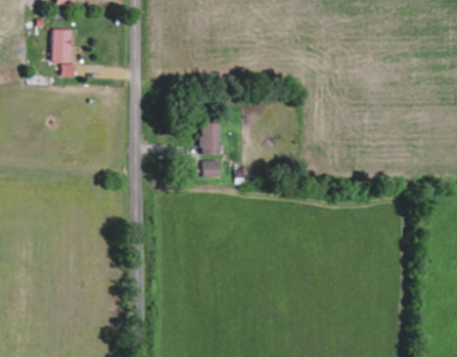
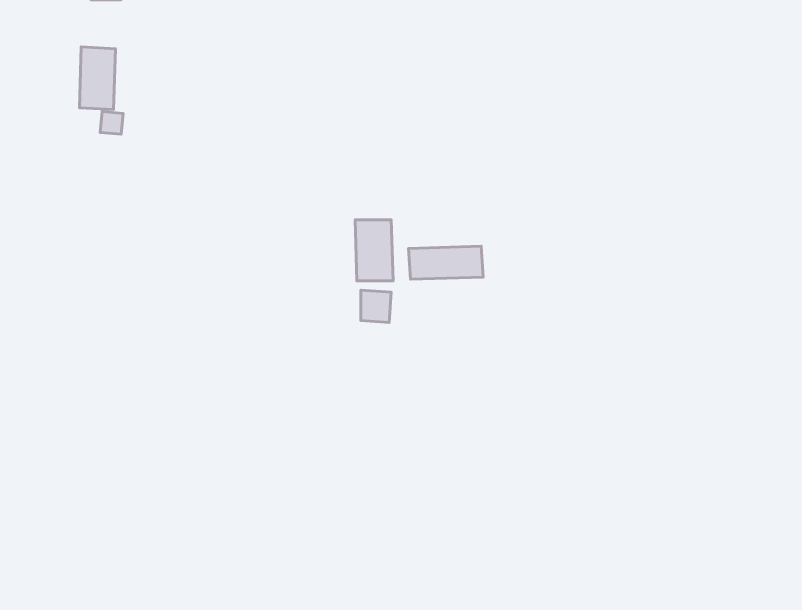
building: none -> [409,246,483,279]

